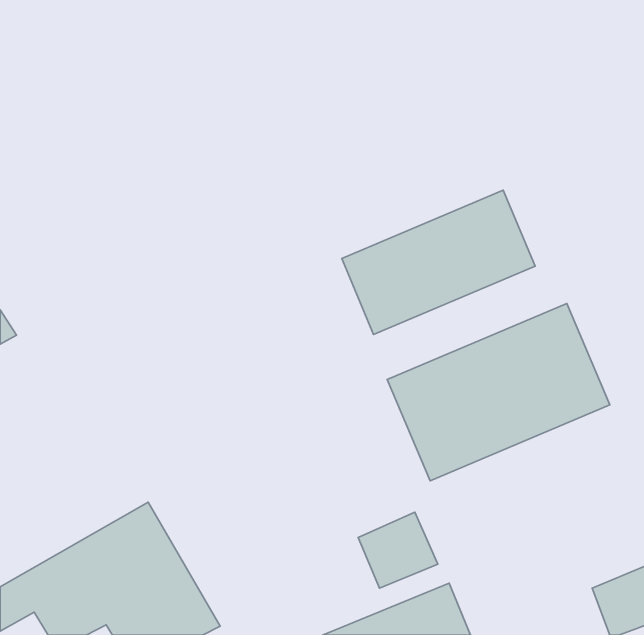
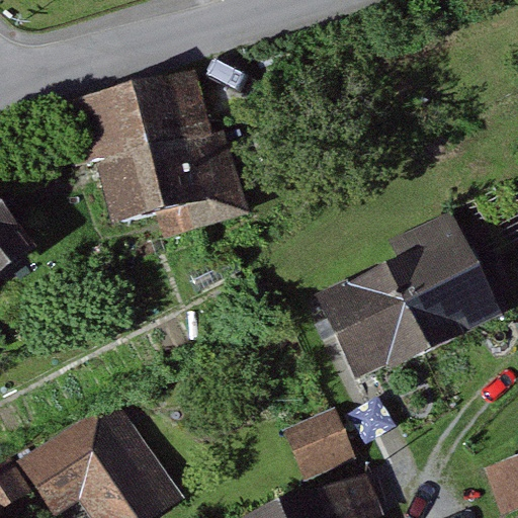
building: none -> [77,65,252,232]
building: [342,190,535,334] -> none

